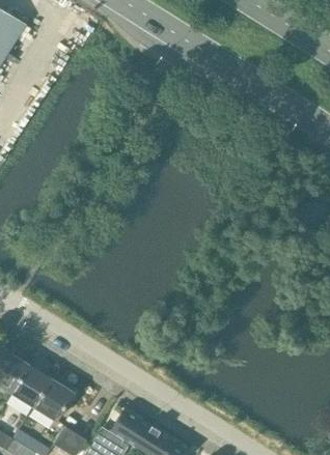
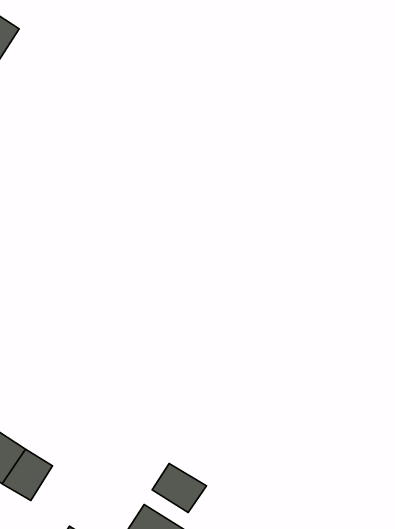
building: none -> [152,463,206,513]
building: [34,379,75,422] -> none

